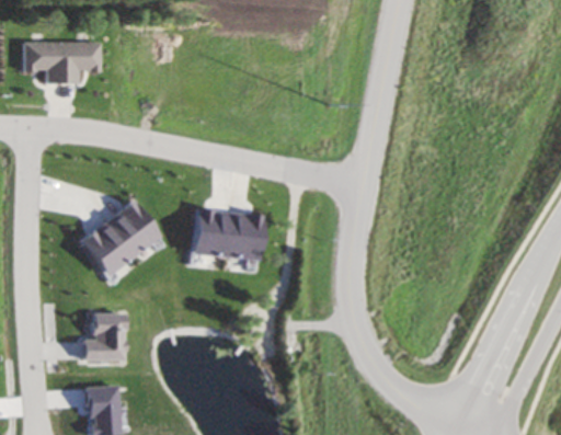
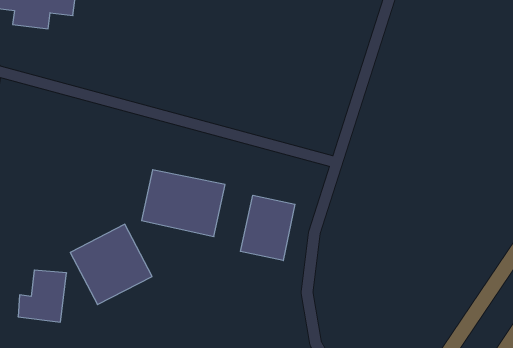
building: [80,202,160,281] -> [70,224,152,305]
building: none -> [240,195,295,261]

